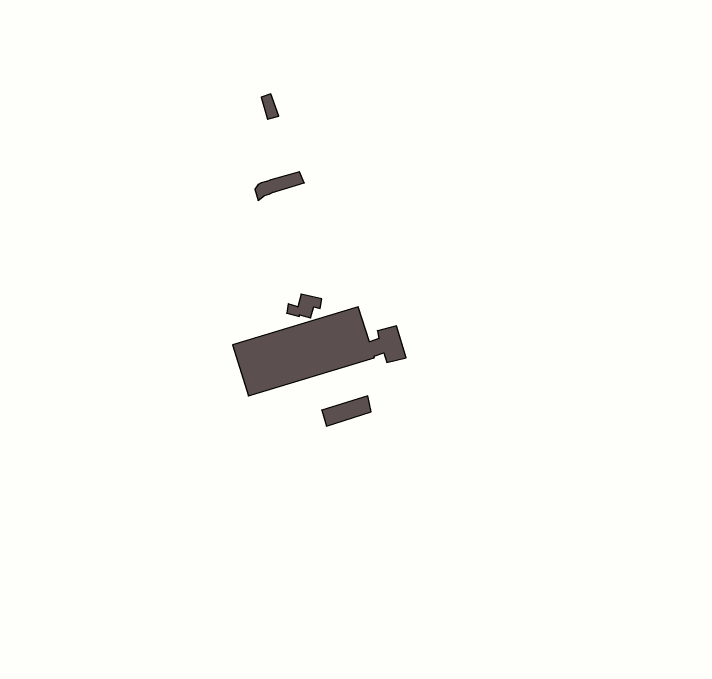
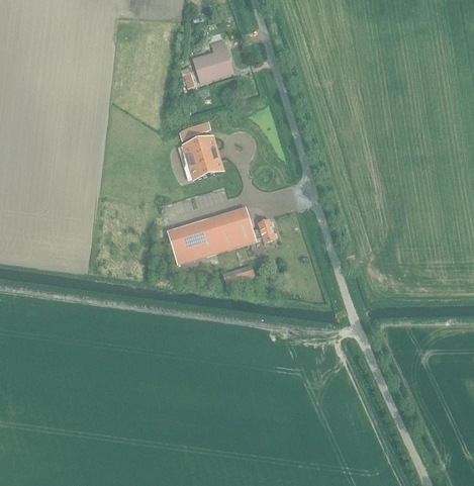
building: none -> [192,41,231,78]
building: none -> [182,136,222,180]

